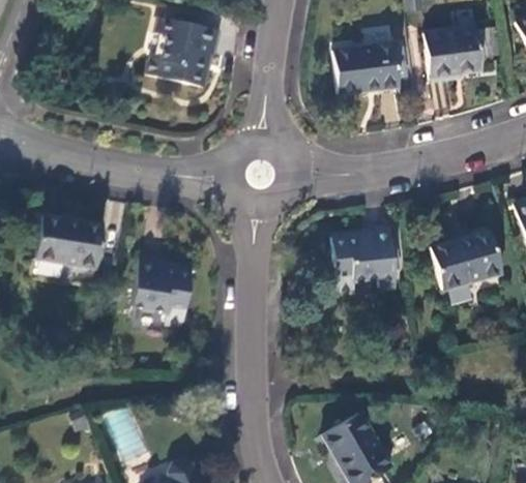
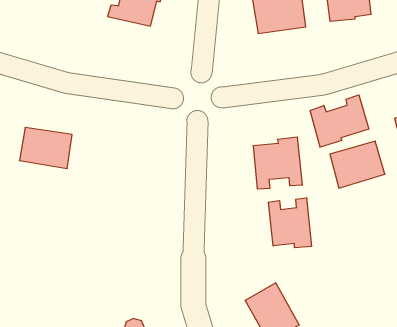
building: none -> [310,95,369,147]
building: [130,256,191,324] -> none
building: none -> [269,198,311,248]

